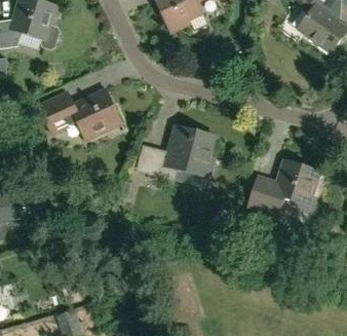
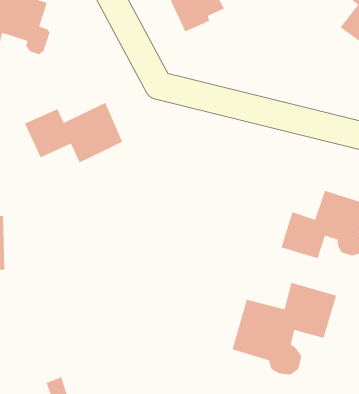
building: [136,126,214,181] -> none
building: none -> [232,282,337,375]

